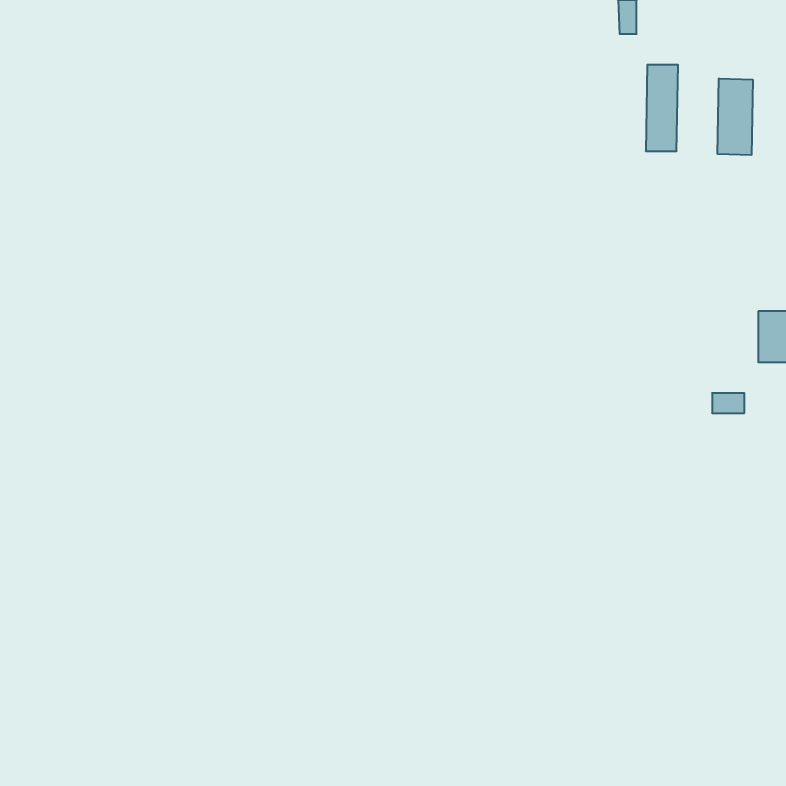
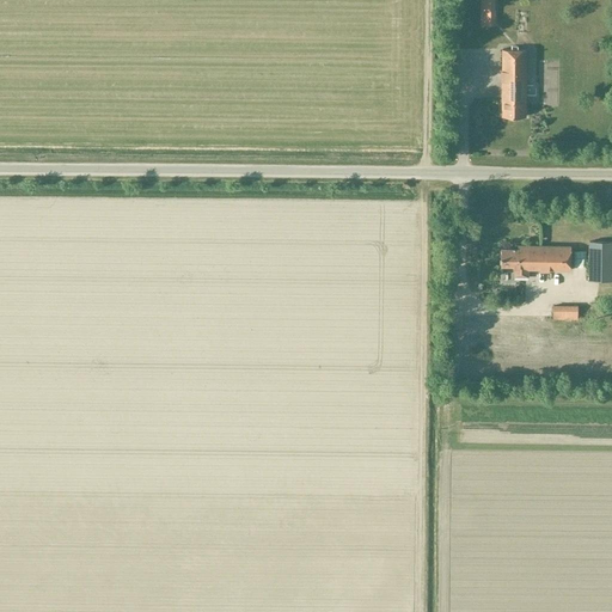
building: [718,78,753,155] -> none
building: none -> [501,247,571,271]

